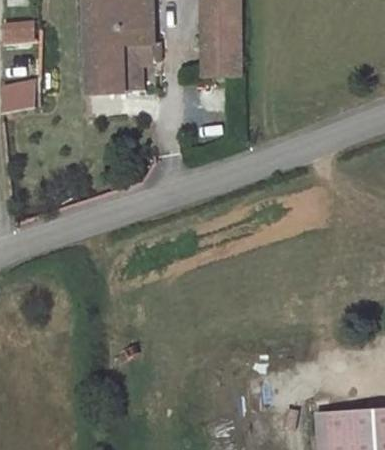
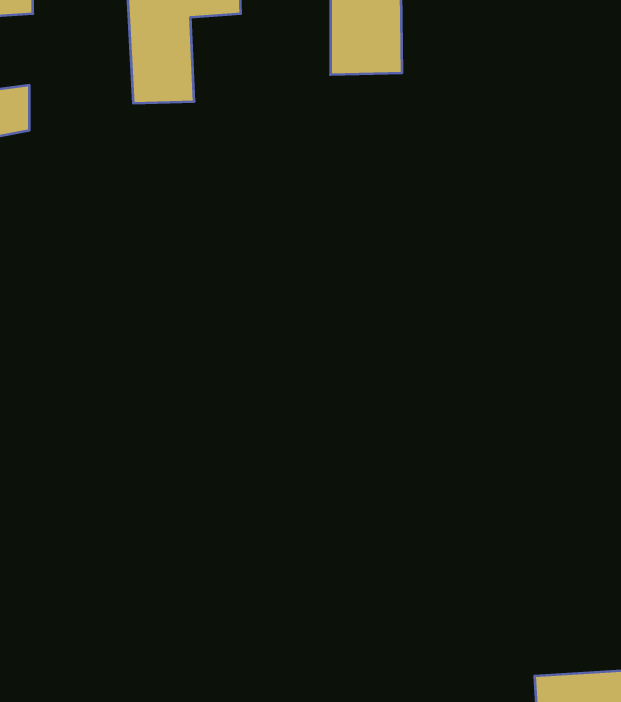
building: [123,41,158,91] -> none

